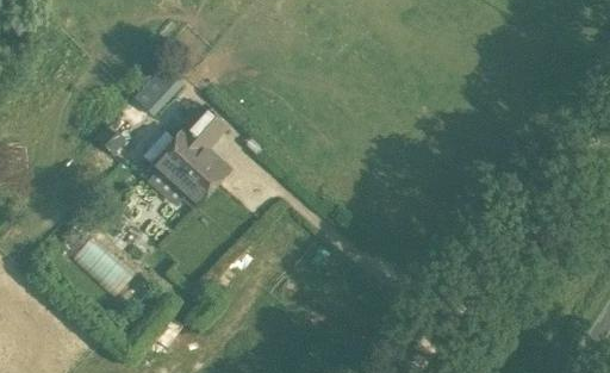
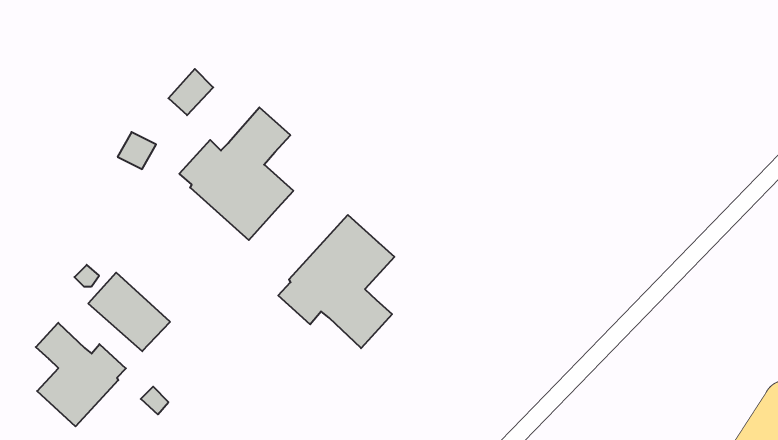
building: none -> [278,215,394,348]
building: none -> [36,323,126,426]

